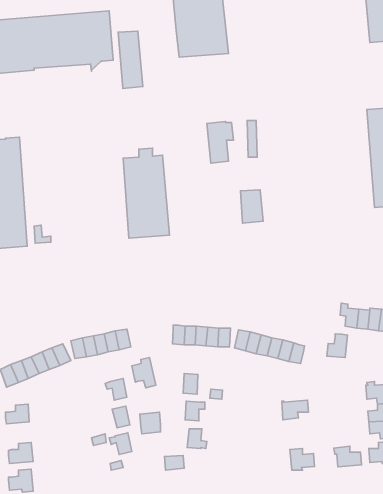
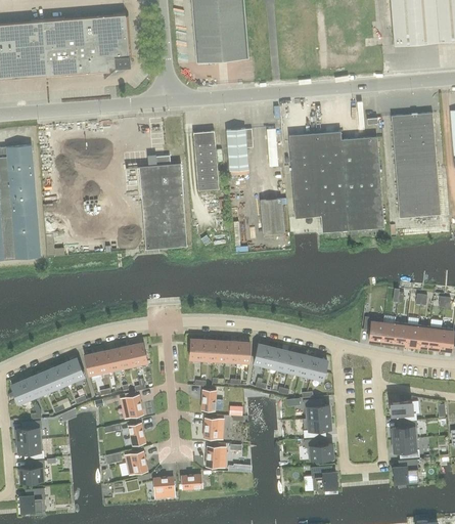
building: [118,31,143,88] -> [193,131,219,190]
building: none -> [288,131,384,231]
building: [327,334,347,358] -> none
building: [132,358,156,388] -> none
building: none -> [305,399,330,419]
building: [140,412,160,434] -> [153,476,175,498]
building: none -> [18,439,44,458]
building: [334,446,362,467] -> [305,438,333,460]

